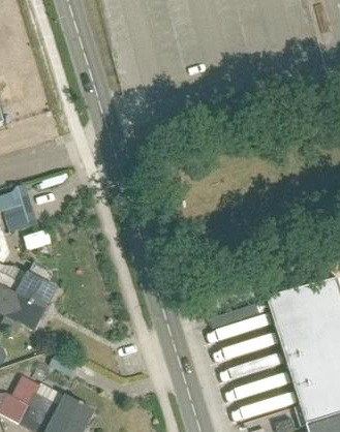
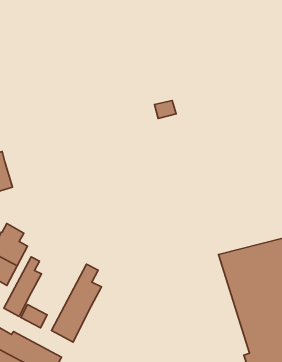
building: none -> [4,257,41,317]
building: none -> [51,264,102,342]

